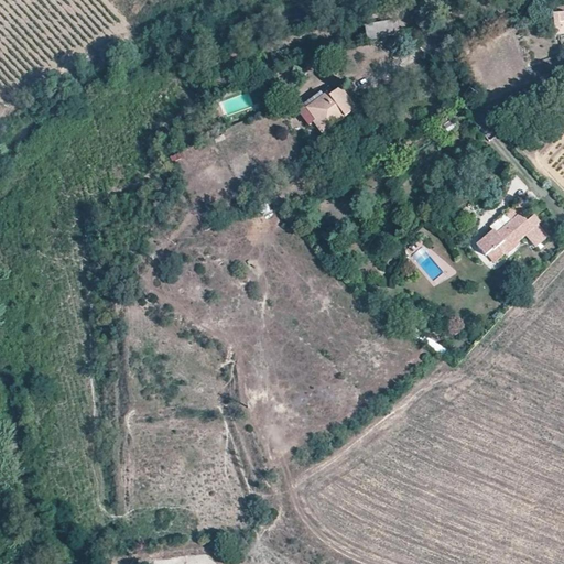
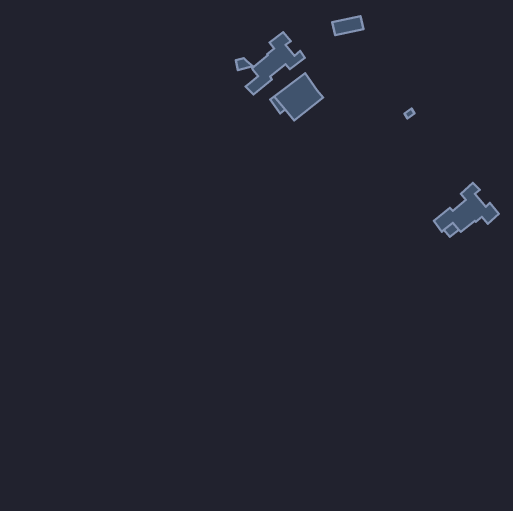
building: none -> [245,32,305,94]

